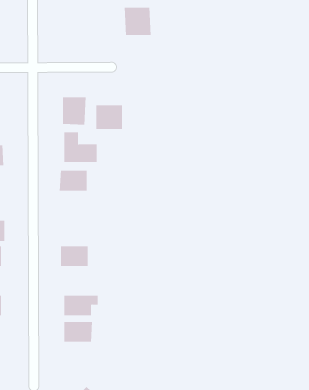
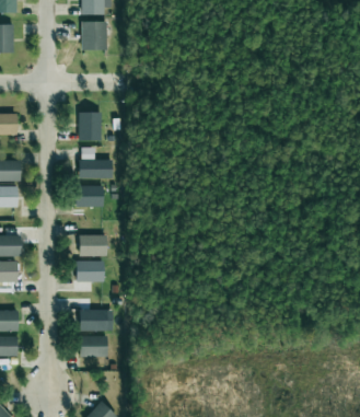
building: [124,7,151,36] -> [80,21,107,49]
building: [96,105,122,130] -> none
building: none -> [79,234,107,255]

